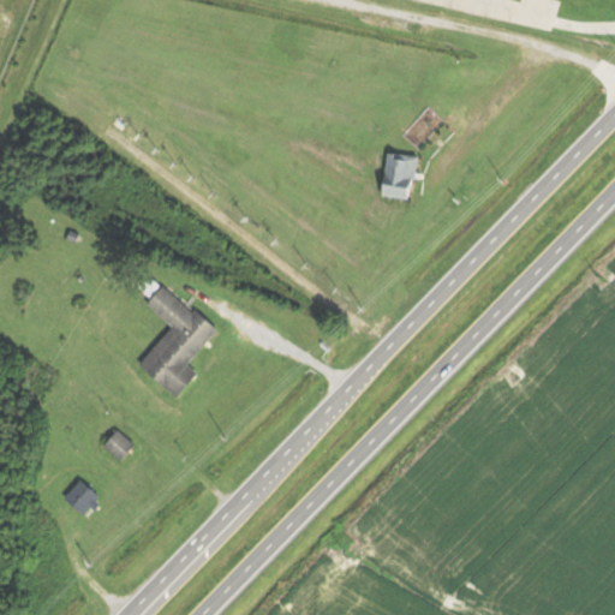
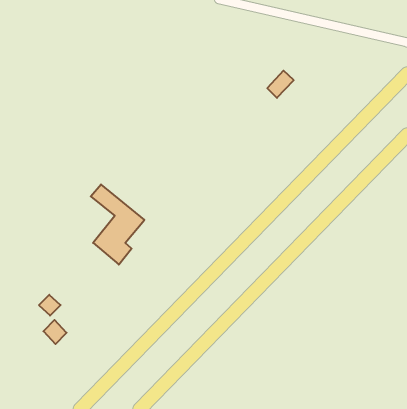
building: [380,151,418,199] -> none
building: [102,430,135,461] -> [39,295,61,316]

